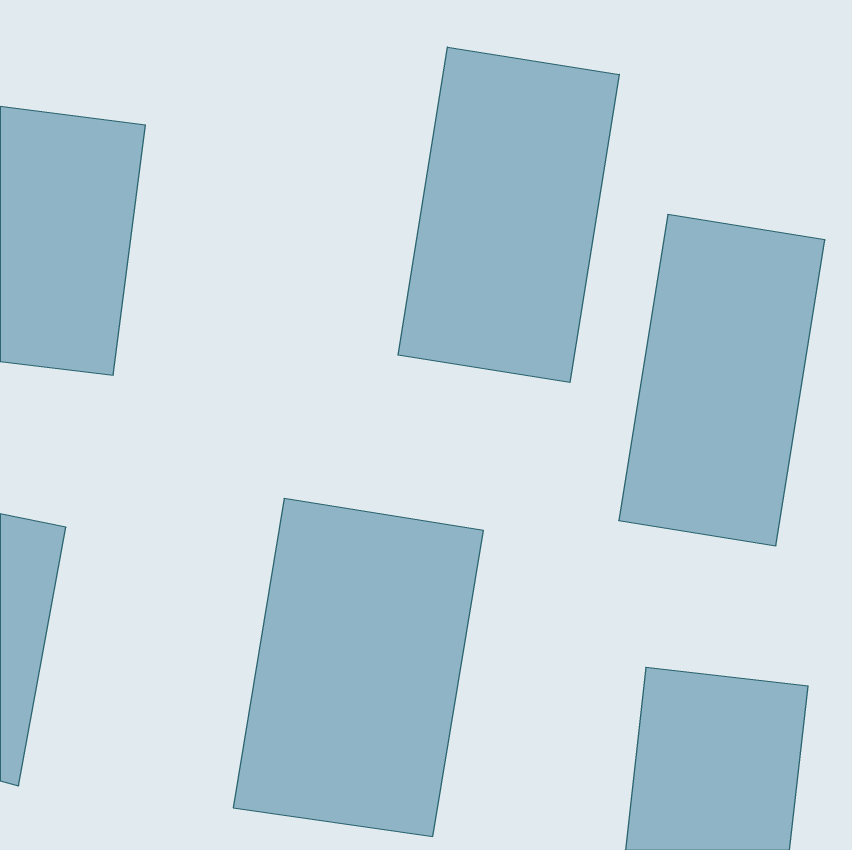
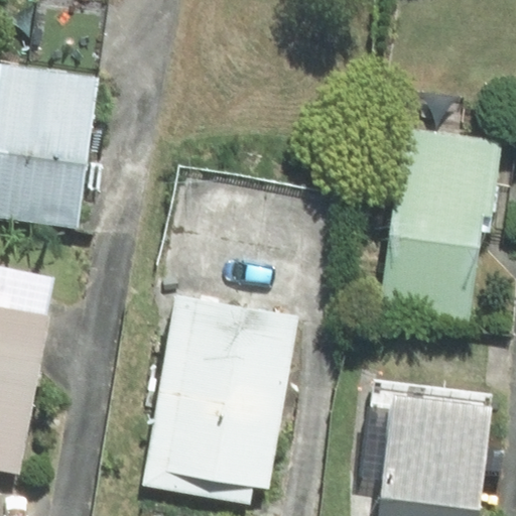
building: [398,47,619,382] -> none

